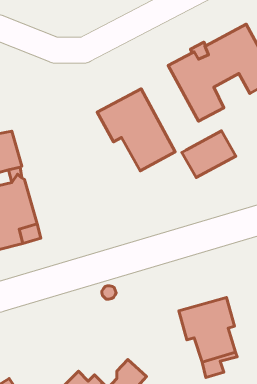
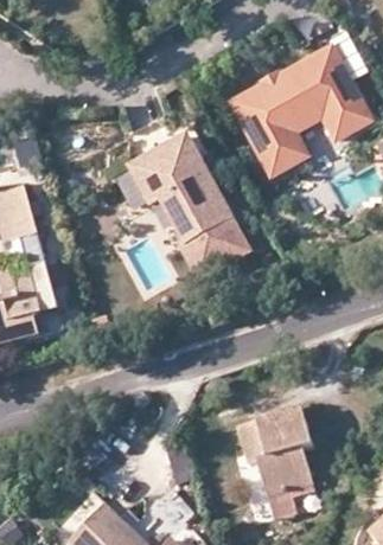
building: [182,131,236,178] -> [181,216,253,277]

